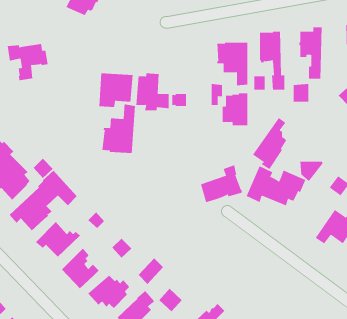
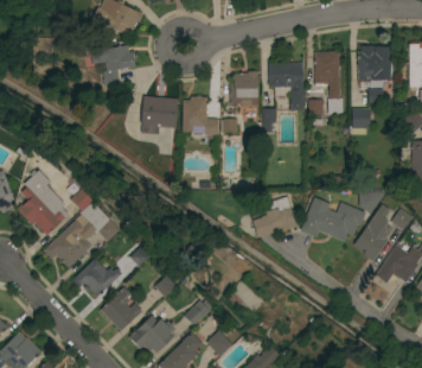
building: [7,44,48,81] -> [91,45,136,85]
building: [222,93,248,126] -> [231,71,260,107]
building: [102,103,136,154] -> none
building: [252,117,287,170] -> [354,204,392,261]

